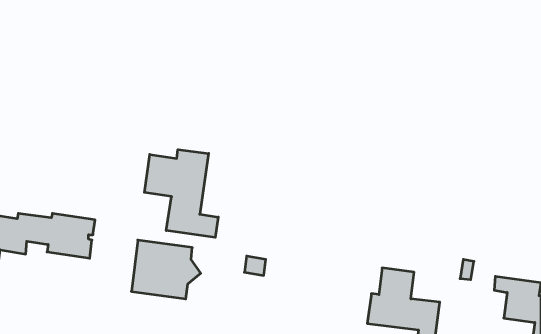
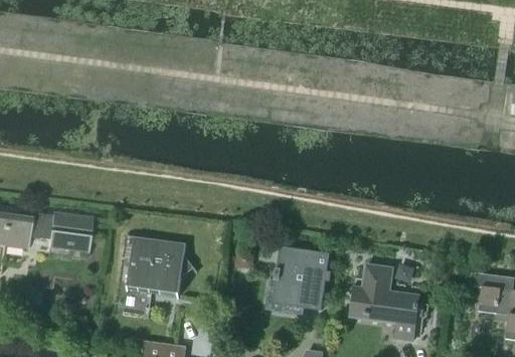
building: [144,150,218,237] -> none
building: none -> [264,247,327,315]

